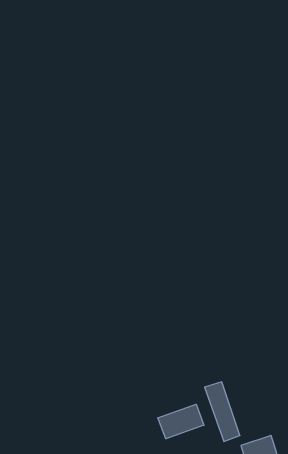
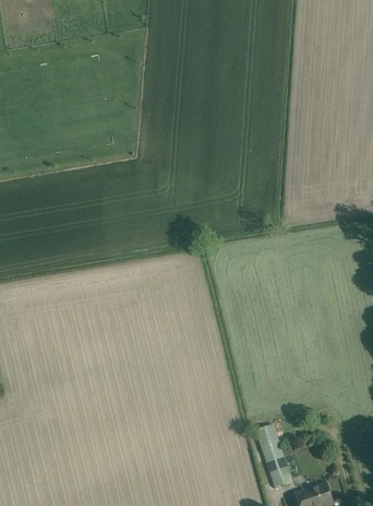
building: [158,404,204,439] -> none

